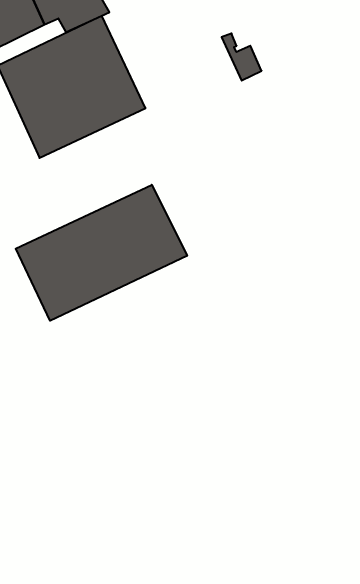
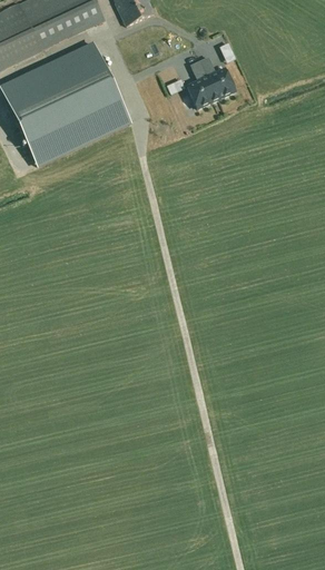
building: none -> [186,59,217,107]
building: [16,185,187,321] -> none

